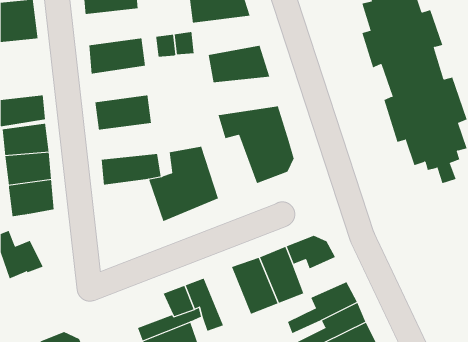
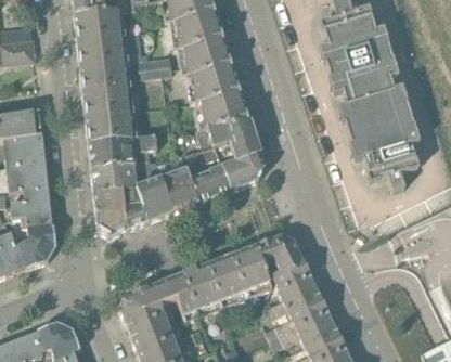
building: none -> [77,31,138,65]
building: none -> [172,39,233,74]
building: none -> [82,83,133,116]
building: none -> [191,93,249,127]
building: none -> [89,132,157,167]
building: none -> [181,145,230,202]
building: none -> [93,184,146,236]
building: none -> [20,211,56,262]
building: none -> [271,254,310,289]
building: none -> [183,262,224,314]
building: none -> [119,286,155,316]

